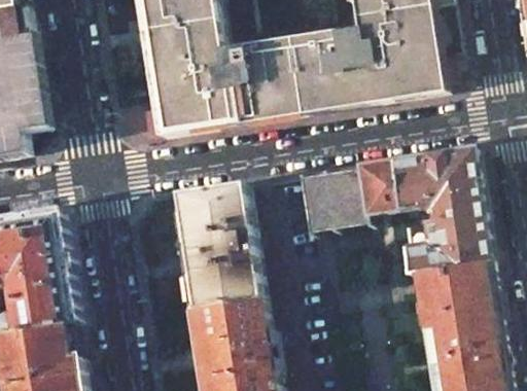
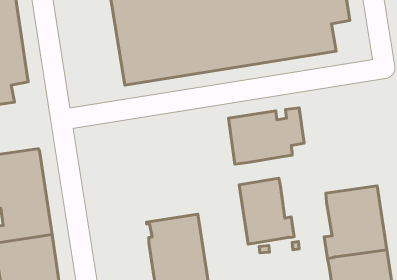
building: [384,149,484,274] -> none
building: [171,185,254,309] -> none
building: none -> [239,178,294,244]

